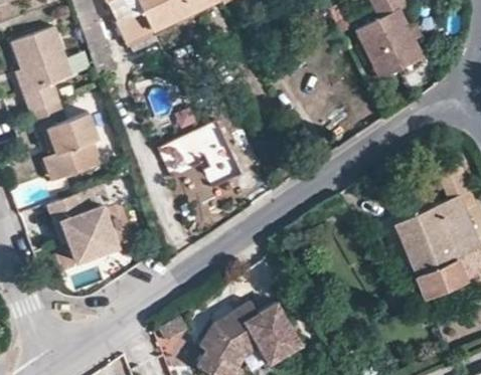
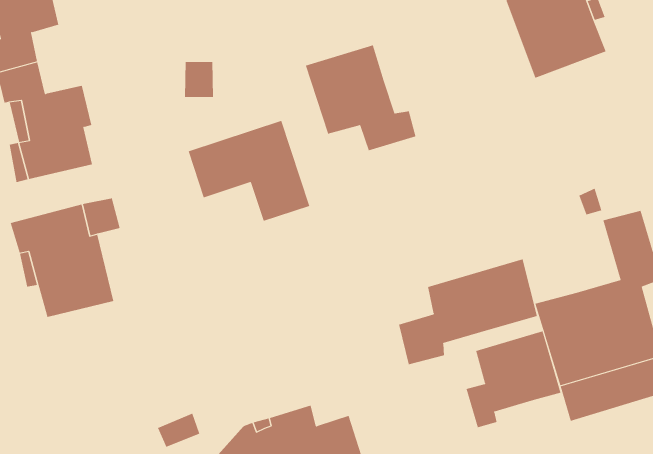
building: none -> [305,45,416,151]
building: none -> [398,258,538,365]
building: none -> [466,331,561,428]

